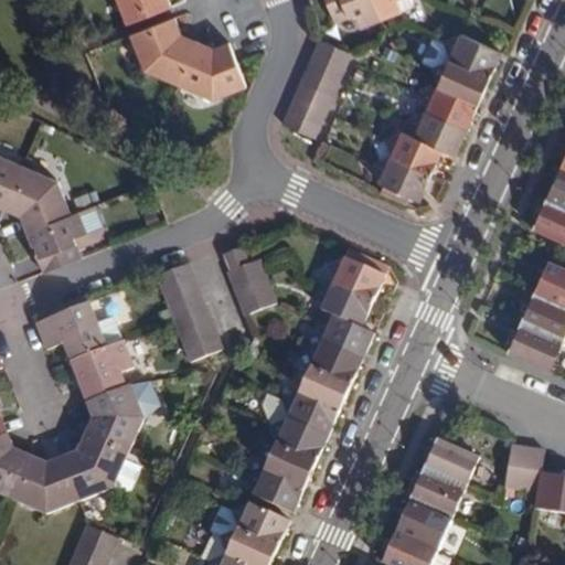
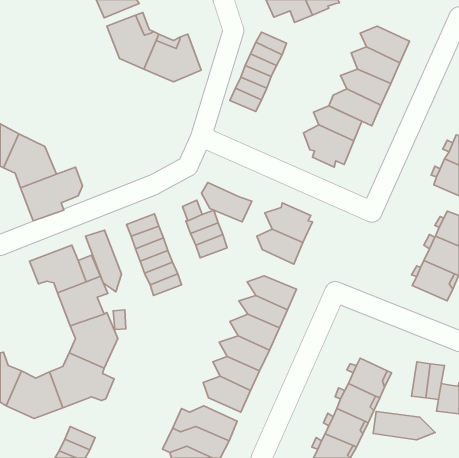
building: none -> [85,230,122,292]
building: [315,307,376,355] -> [202,182,252,222]
building: none -> [373,412,435,440]

